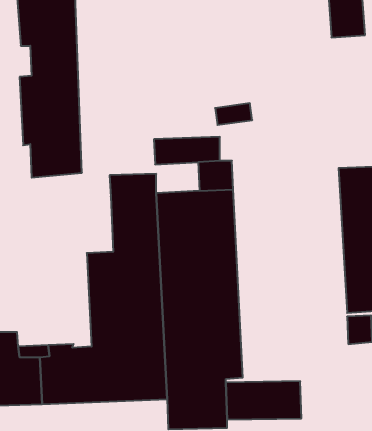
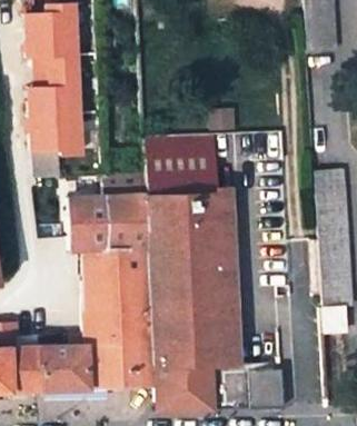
building: none -> [147,166,188,195]
building: none -> [70,198,108,250]

